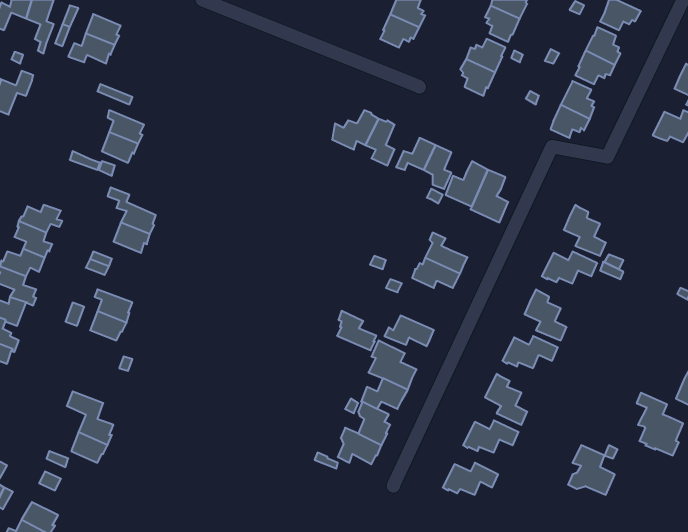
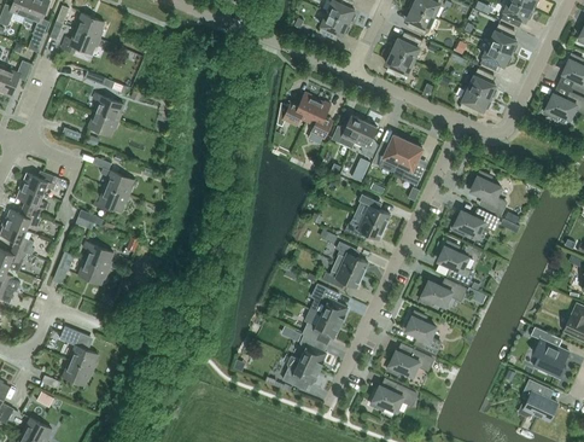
building: [337,311,376,350] -> [335,242,368,274]
building: [568,445,615,495] -> [519,379,557,420]

